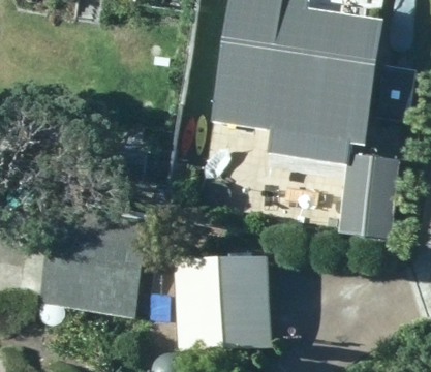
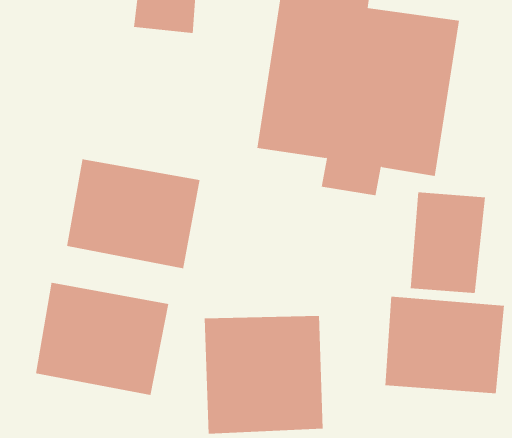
building: none -> [66,158,200,269]
building: none -> [385,296,505,394]

